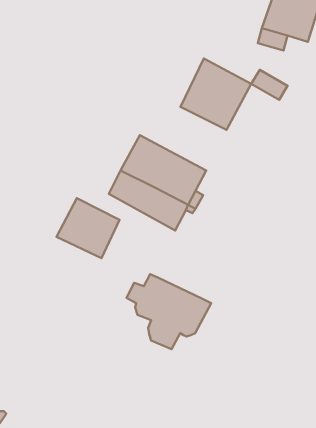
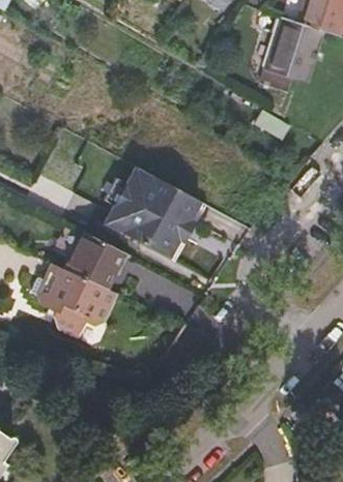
building: [180,59,251,130] -> none
building: [127,274,211,349] -> [33,266,115,338]

